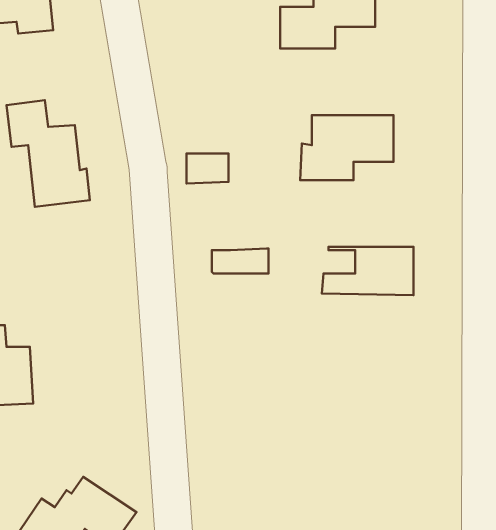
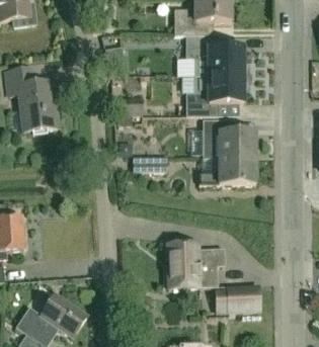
building: none -> [184,33,242,74]
building: none -> [202,118,253,154]
building: none -> [165,241,223,287]
building: none -> [225,285,258,311]

